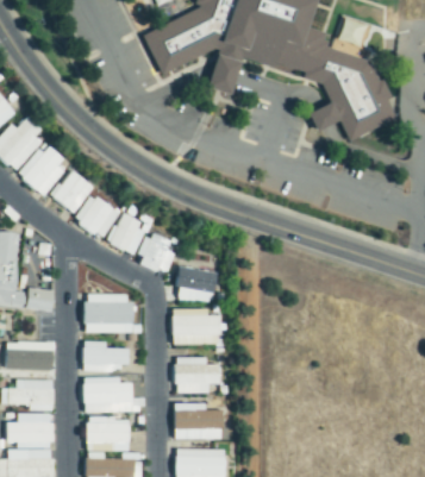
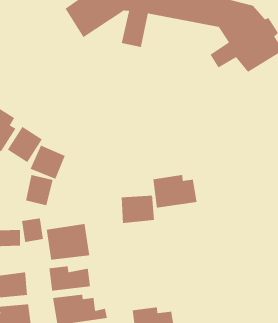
building: [110,213,146,253] -> [25,174,53,206]
building: [138,233,176,274] -> none
building: none -> [21,217,44,243]
building: [173,308,223,345] -> [152,174,197,209]
building: [176,357,223,394] -> none

